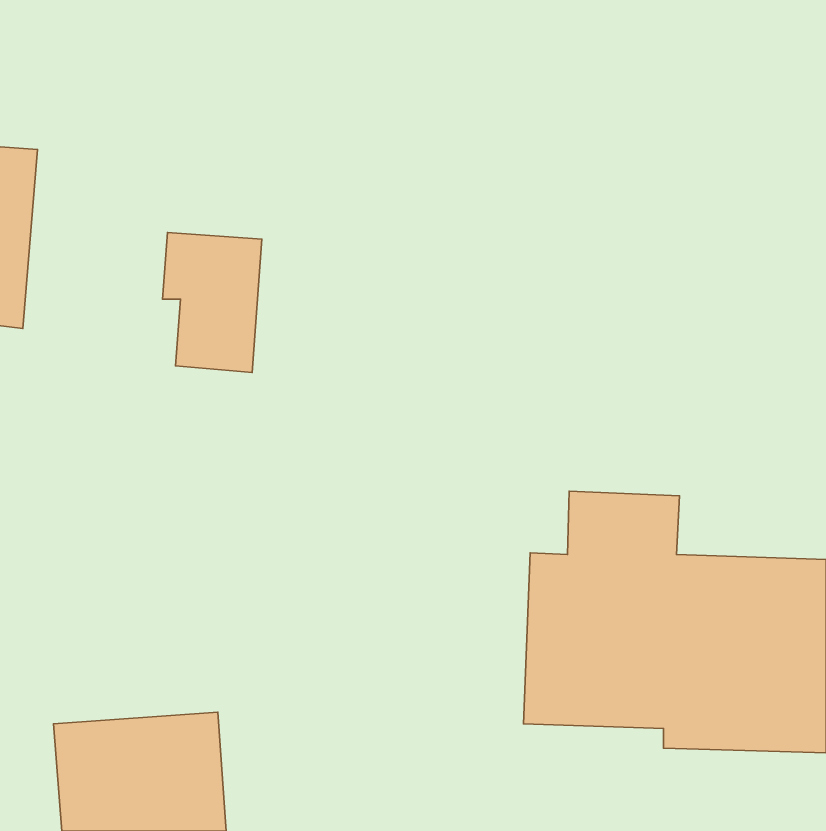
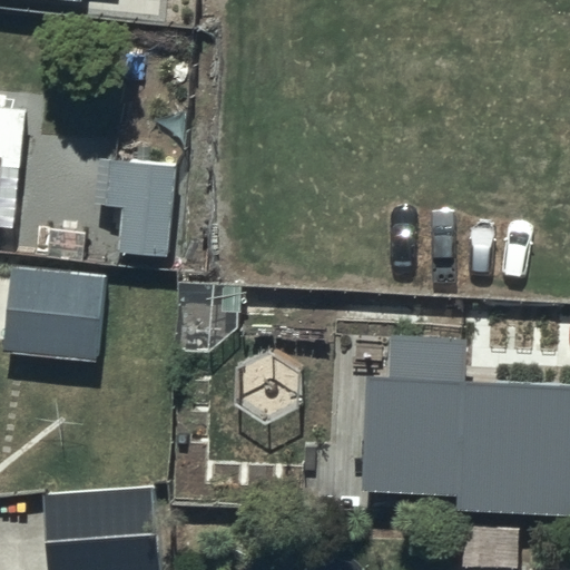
building: none -> [4,258,107,364]

